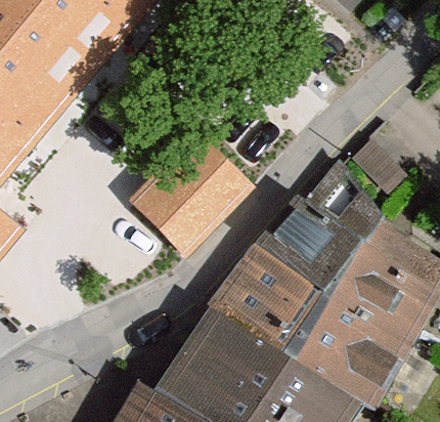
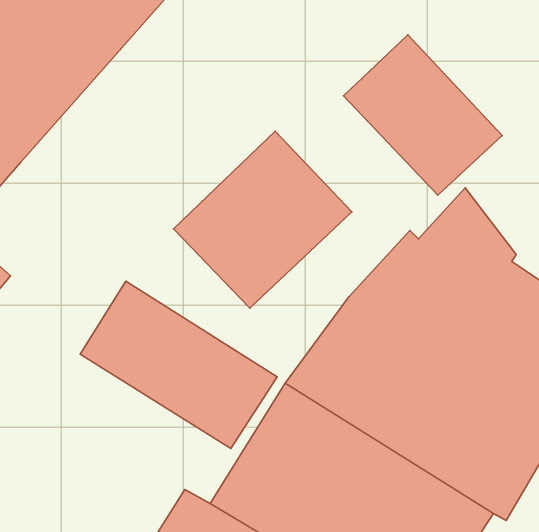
building: none -> [344,35,502,195]
building: none -> [80,281,277,448]

